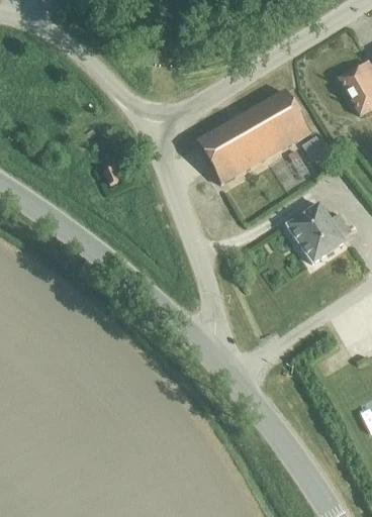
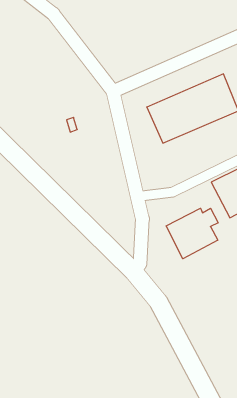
building: none -> [166,208,218,259]

